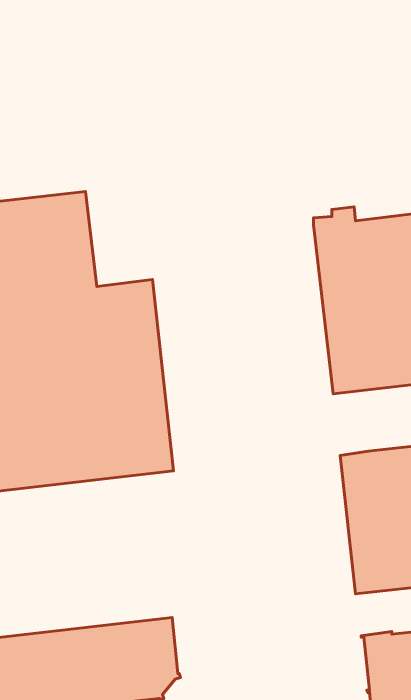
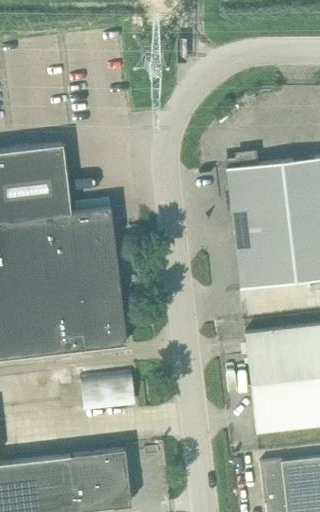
building: none -> [80,371,132,403]

